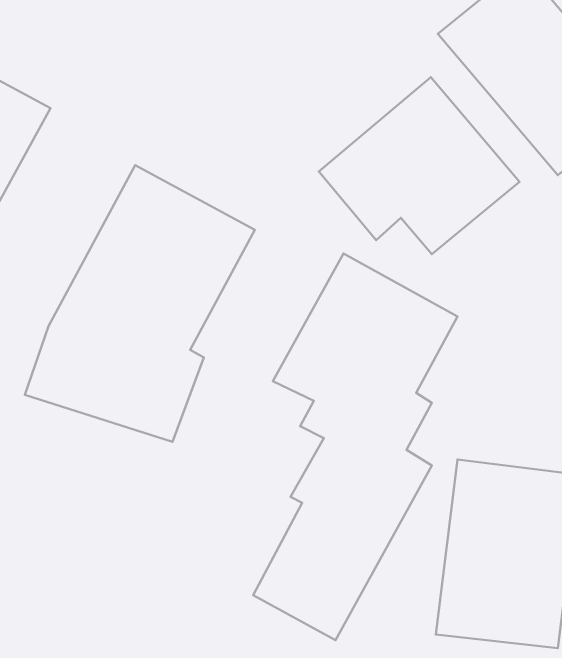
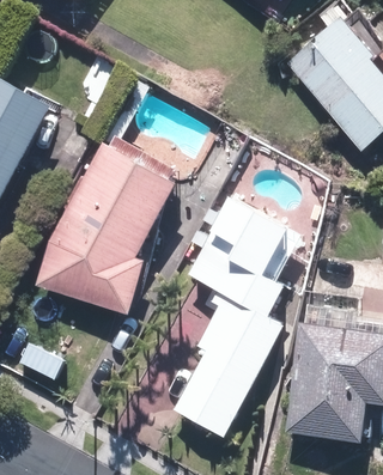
building: [319,77,519,254] -> none

